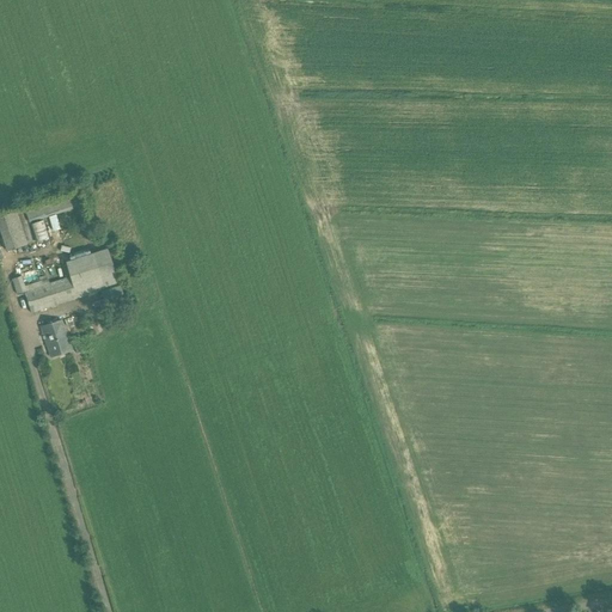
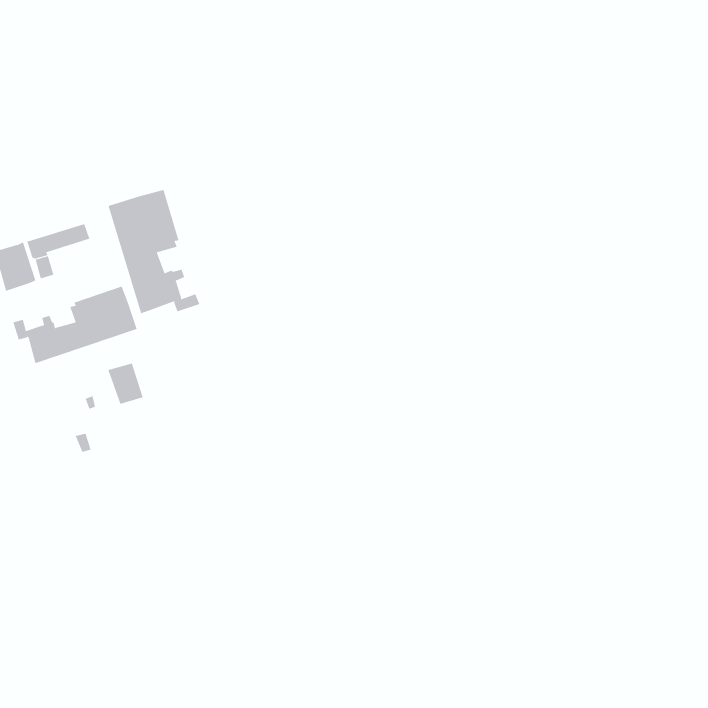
building: none -> [108,189,200,314]
building: [39,320,71,356] -> [107,363,143,404]

